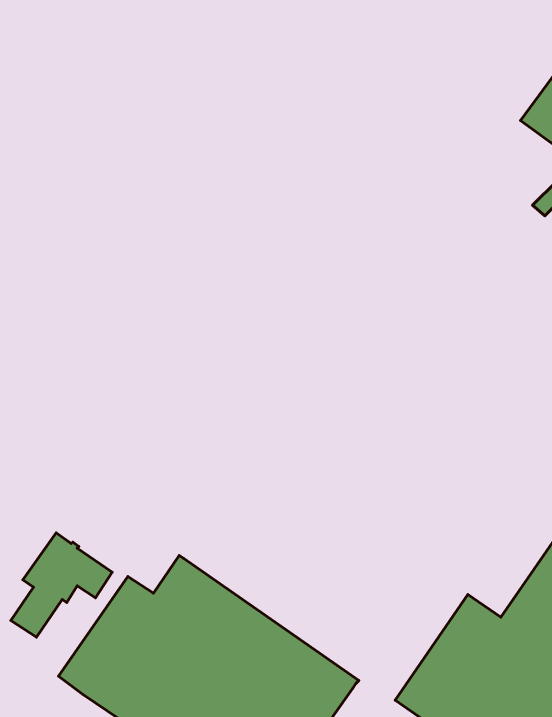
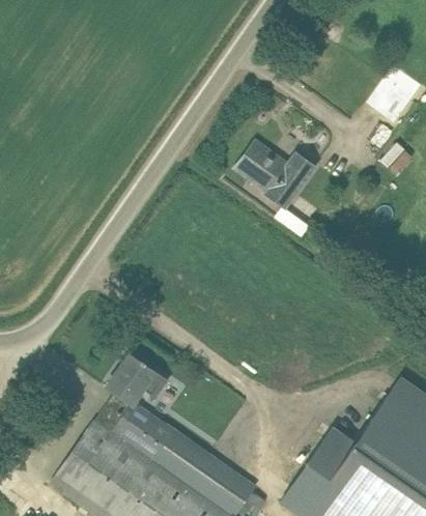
building: none -> [234,139,316,208]
building: [11,533,112,637] -> [100,354,169,426]

